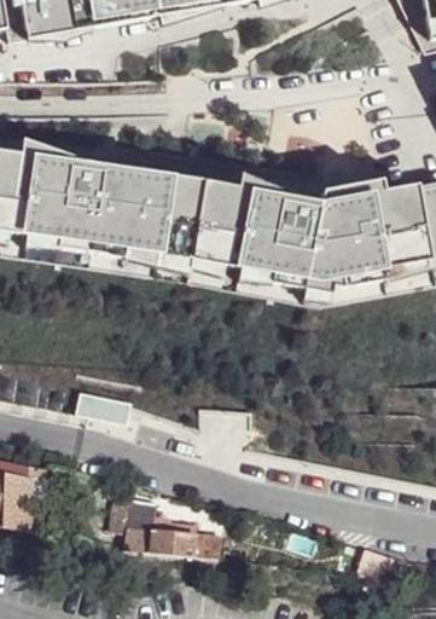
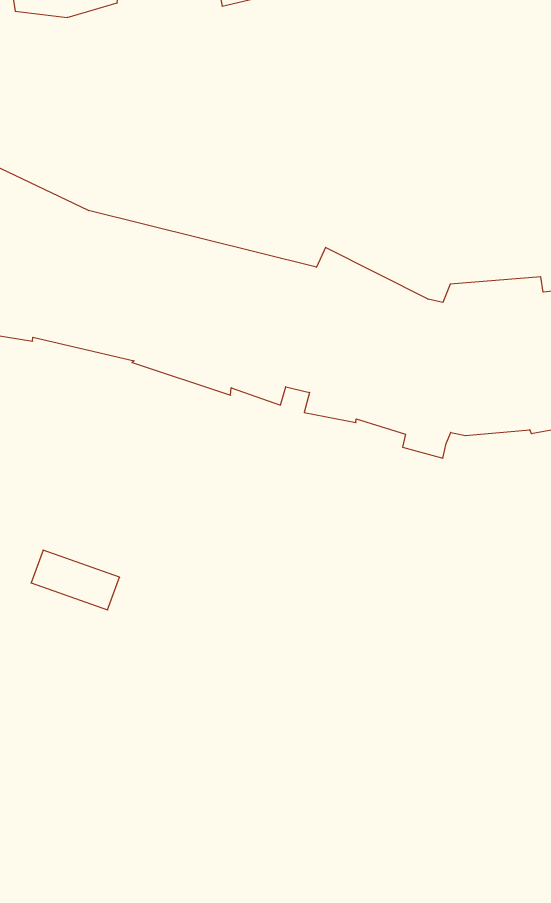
building: [127,498,223,557] -> none

